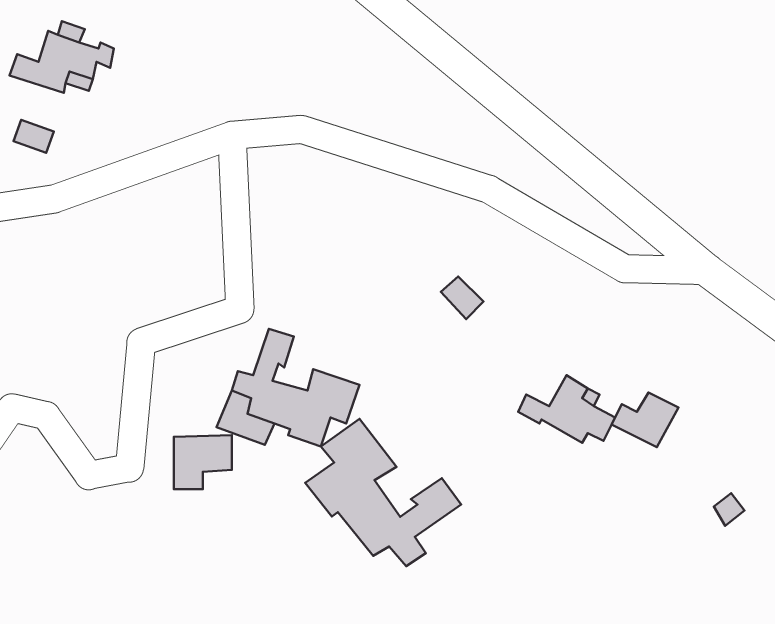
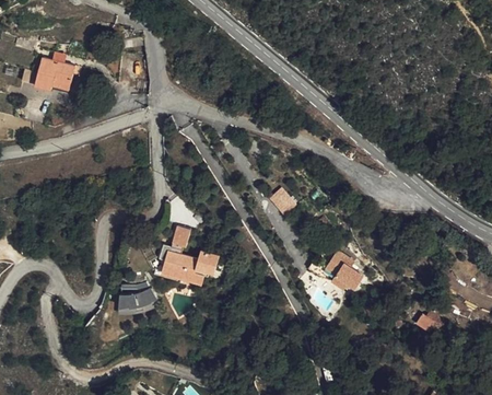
building: [612,392,679,447] -> none
building: [305,419,461,566] -> none

